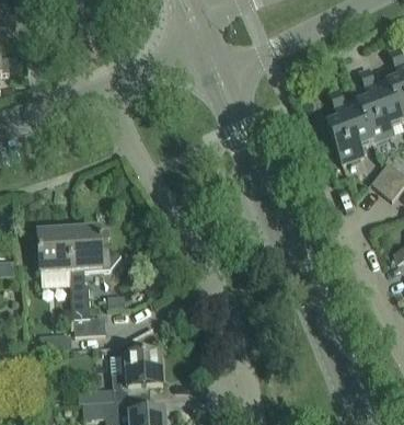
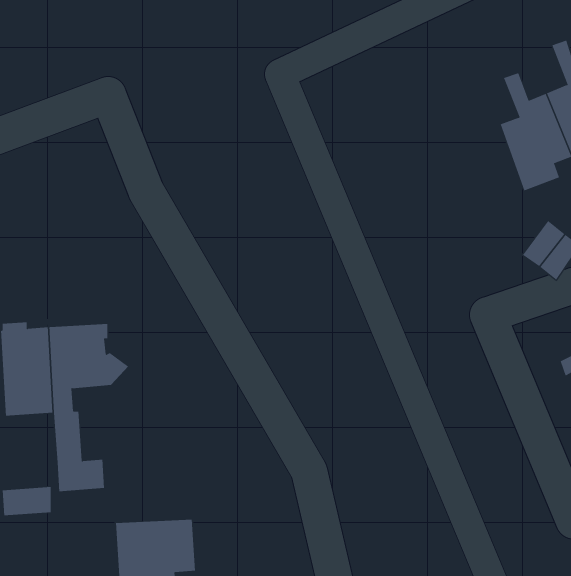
building: [326,88,371,163] -> none

